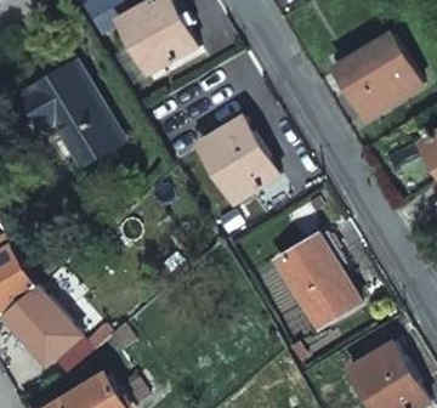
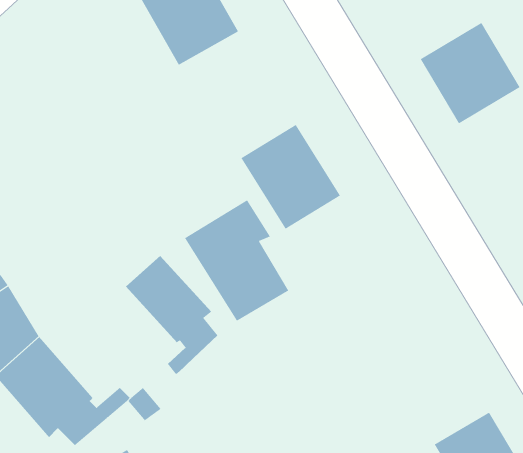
building: [23,67,118,166] -> none
building: none -> [125,255,218,375]
building: [272,231,354,327] -> [184,199,289,322]

